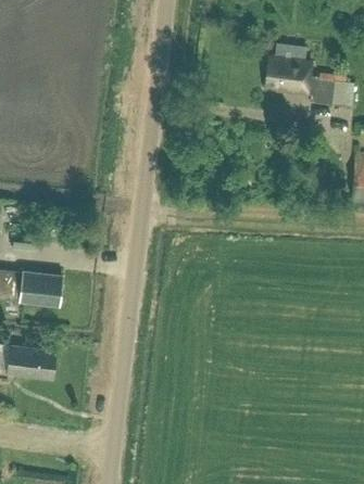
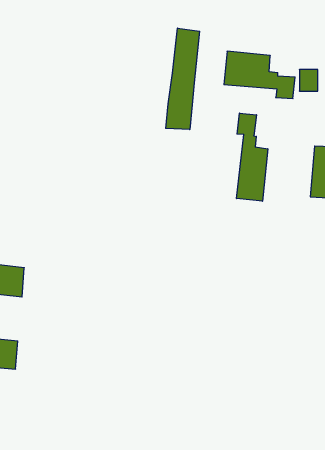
building: none -> [166,28,200,130]
building: none -> [237,113,268,201]

